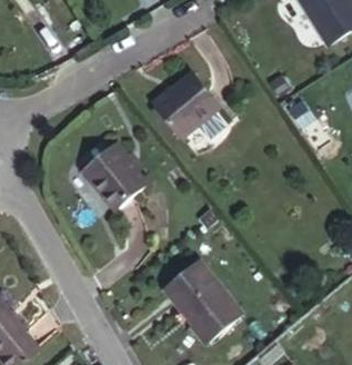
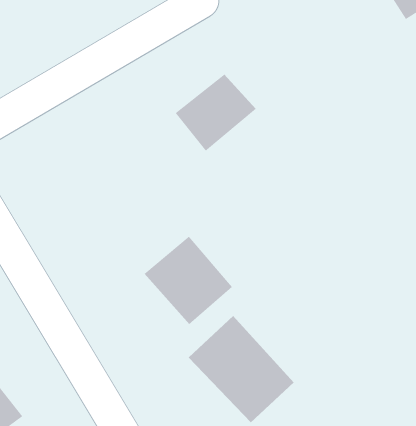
building: [82,152,150,220] -> [144,236,233,325]

